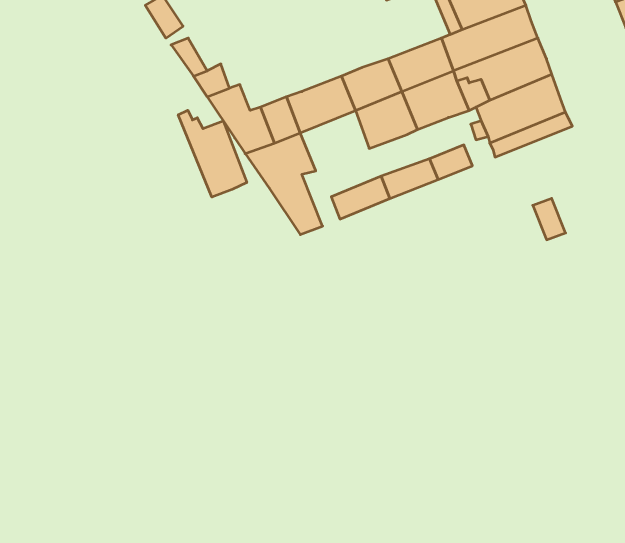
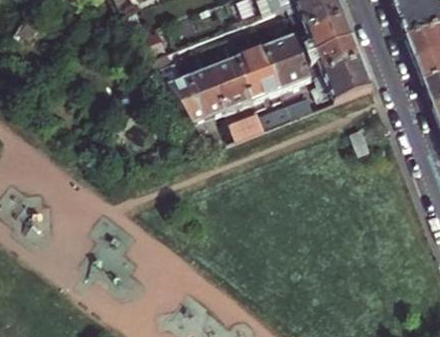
building: [178,110,247,197] -> none
building: none -> [213,75,254,111]

